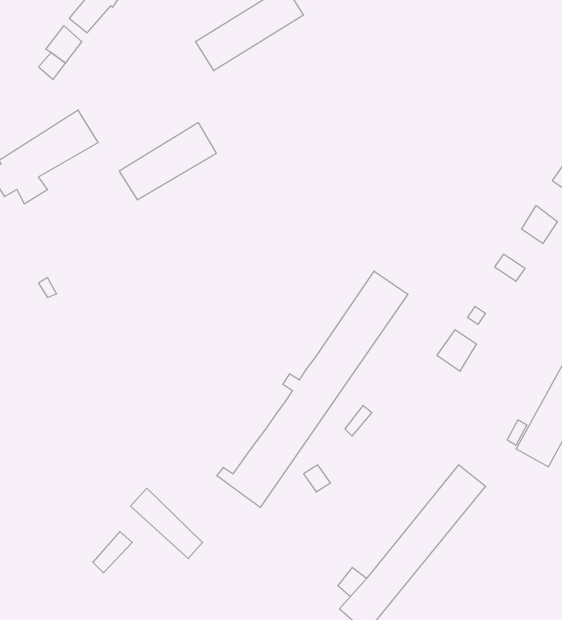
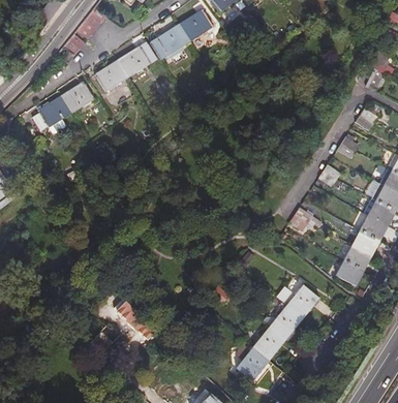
building: [119,123,216,200] -> [95,47,151,91]
building: [217,271,408,508] -> none

